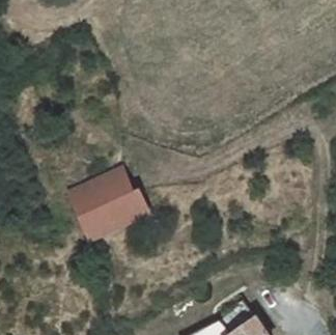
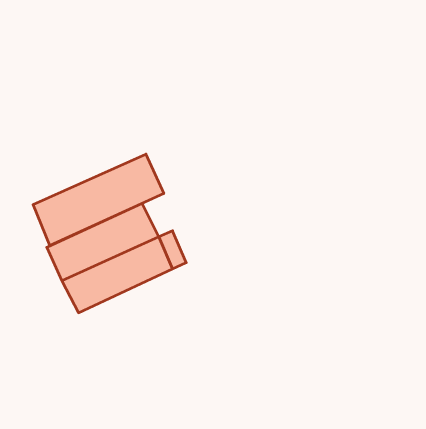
building: none -> [33,154,164,245]

